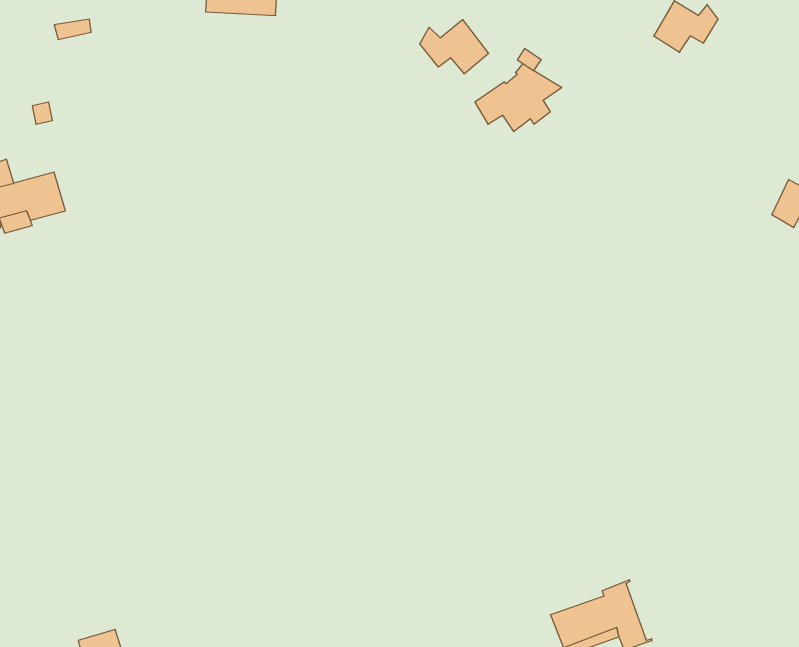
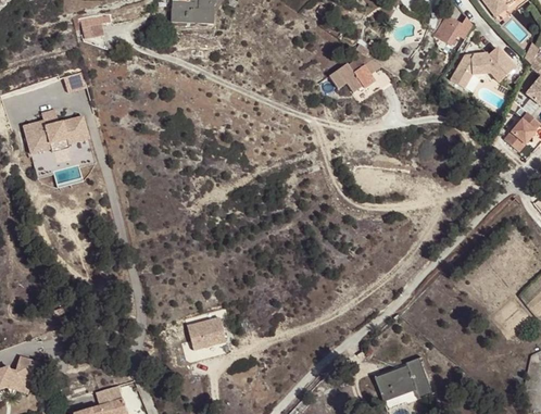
building: [420,20,489,74] -> none
building: none -> [450,47,514,88]
building: none -> [186,317,225,350]

